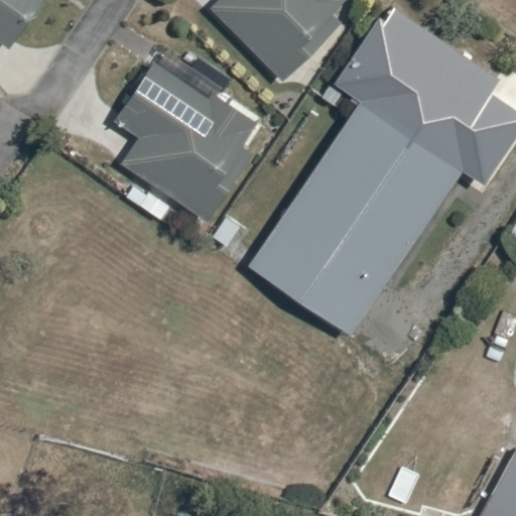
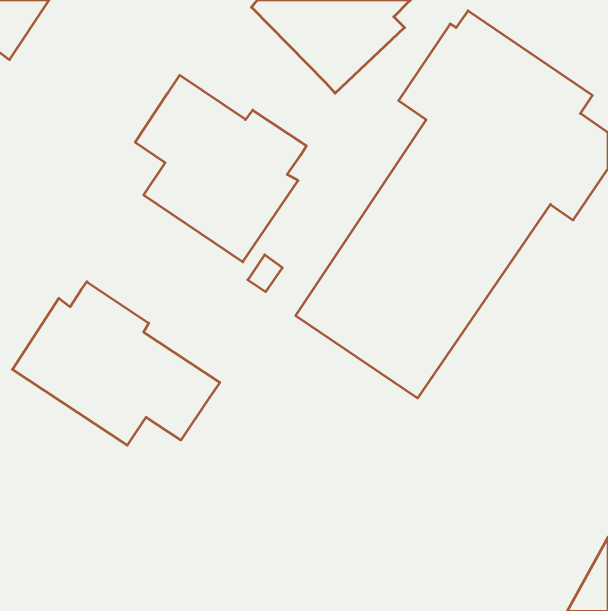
building: none -> [12,282,220,445]

